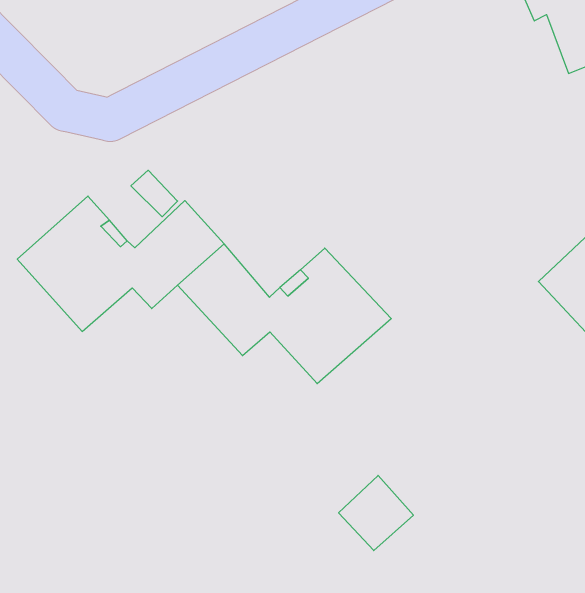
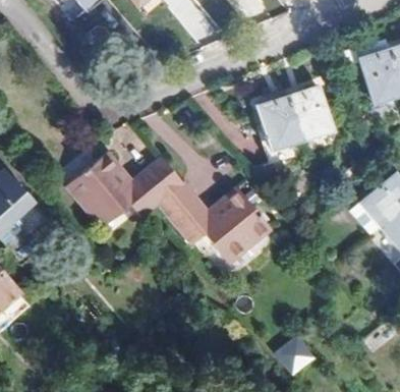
building: none -> [254,86,331,150]
building: [339,475,413,551] -> [274,335,316,377]

